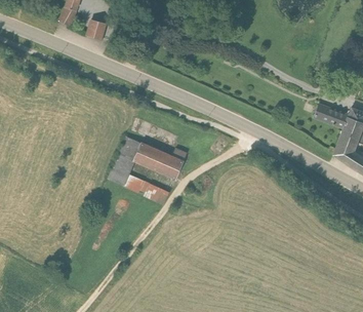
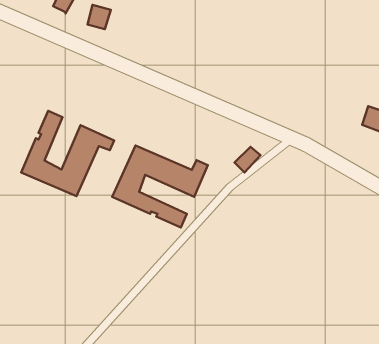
building: none -> [21,111,114,196]

